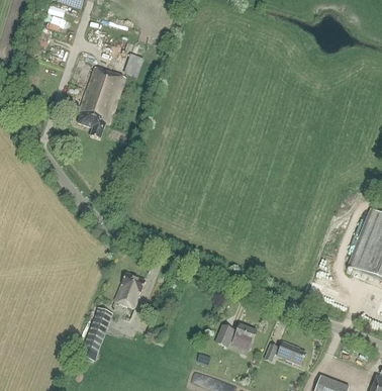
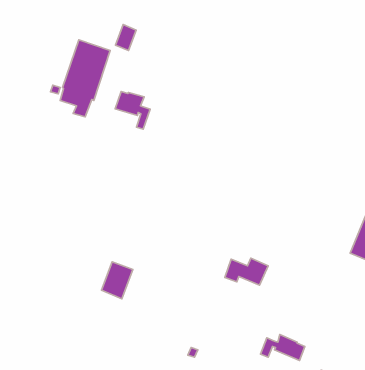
building: none -> [115,91,150,129]
building: [79,308,112,362] -> none
building: [215,324,256,350] -> [225,258,268,285]

